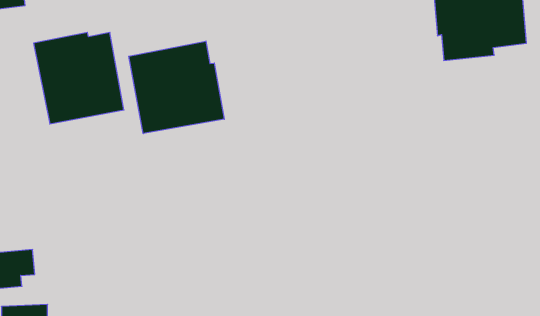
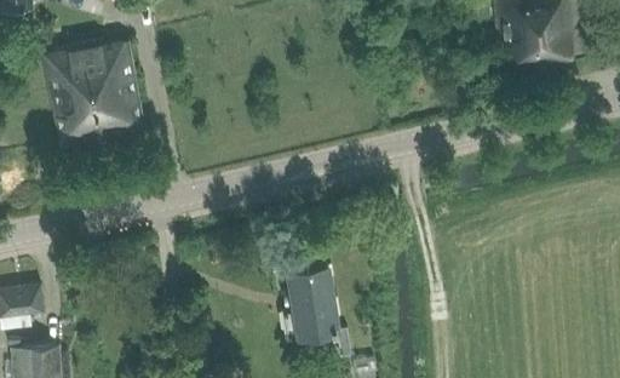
building: [129,41,224,134] -> none
building: none -> [283,264,337,338]

